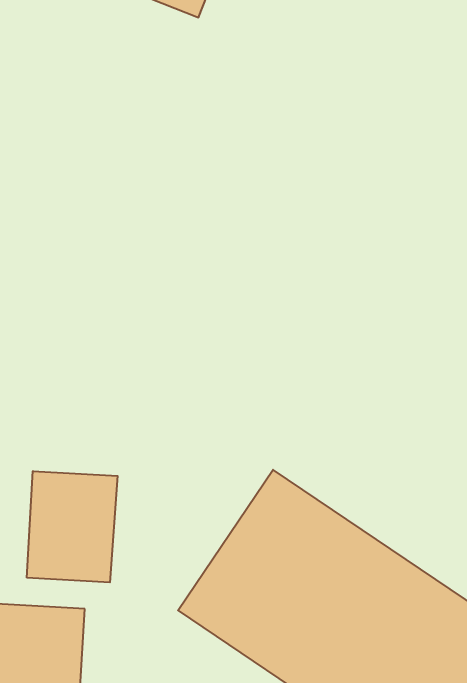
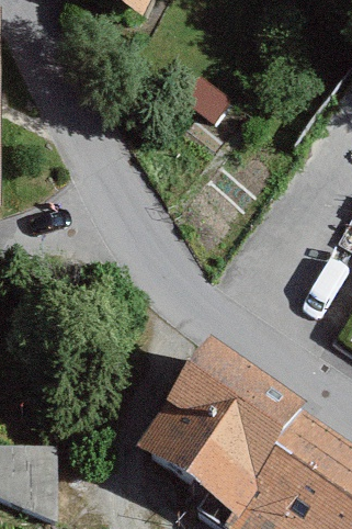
building: [27,471,118,582] -> none

